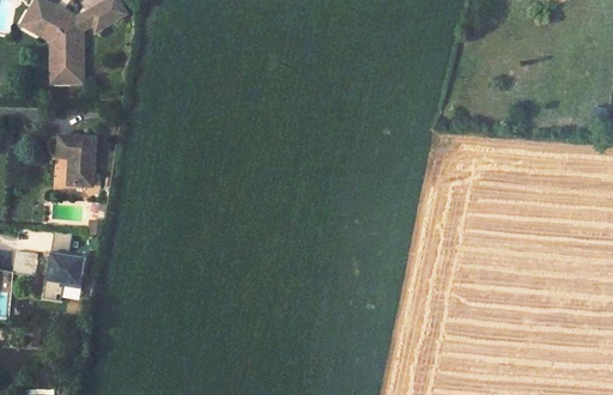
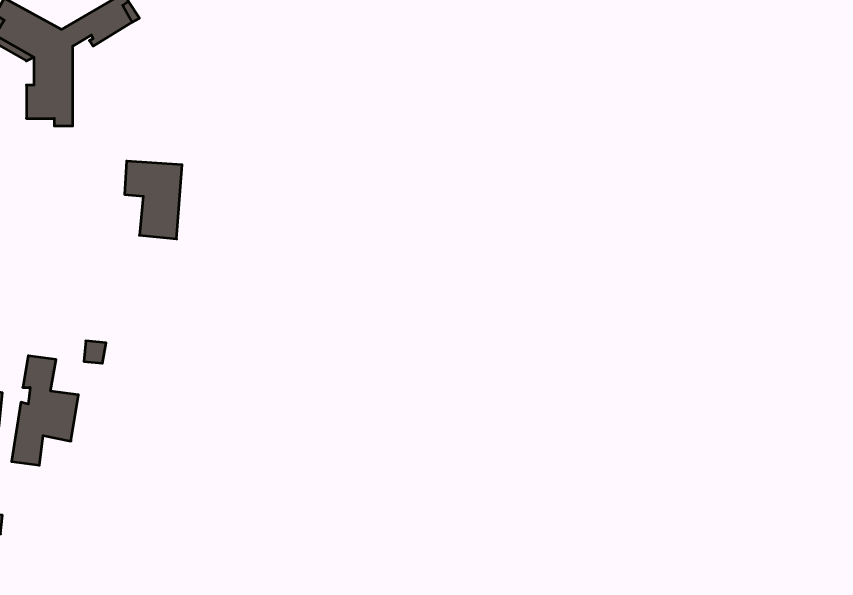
building: [56,136,93,187] -> [125,161,182,239]

